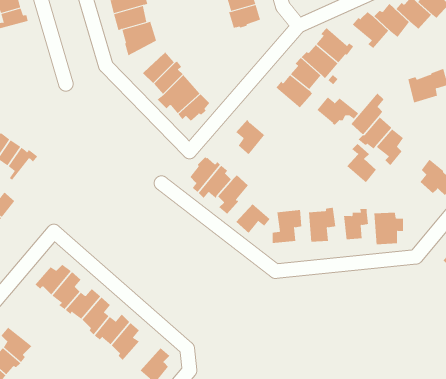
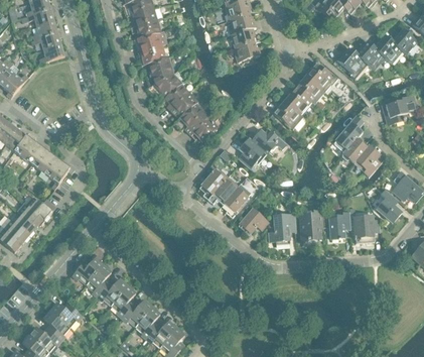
building: none -> [146,73,178,98]
building: [317,97,359,126] -> [251,129,286,153]
building: [347,143,377,183] -> [376,189,401,222]
building: none -> [49,303,82,327]
building: none -> [145,321,176,347]

